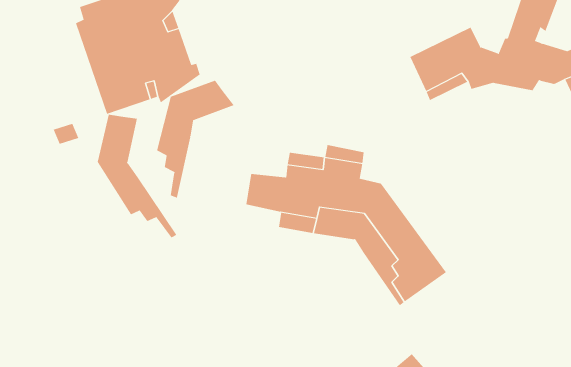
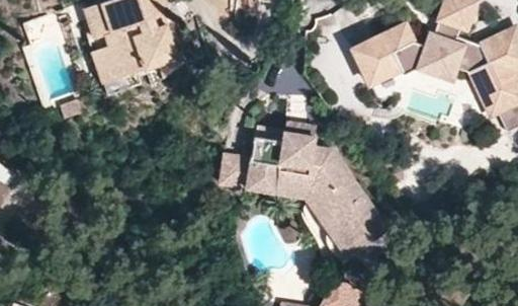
building: [157,80,234,199] -> none
building: [97,114,177,239] -> none

